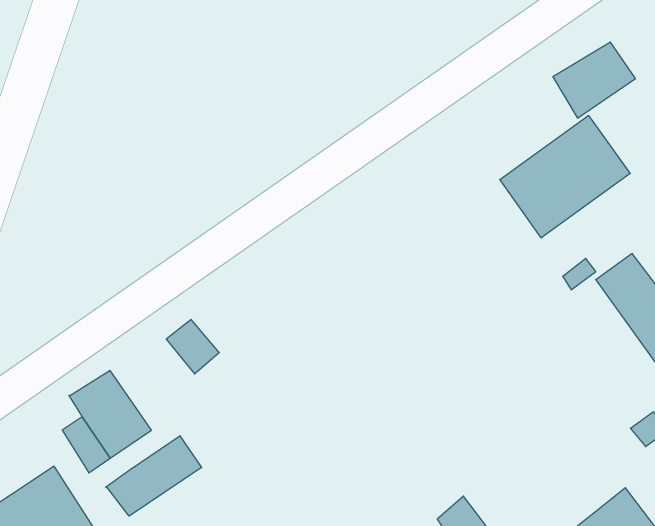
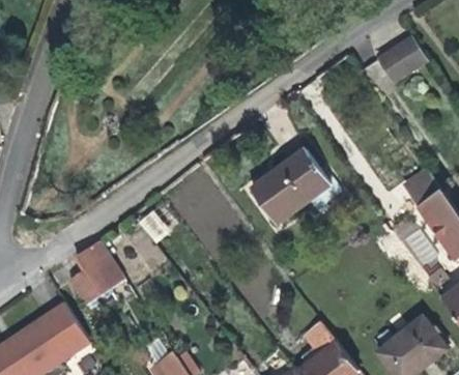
building: [500,116,630,238] -> [250,148,332,225]
building: [106,436,202,516] -> none

